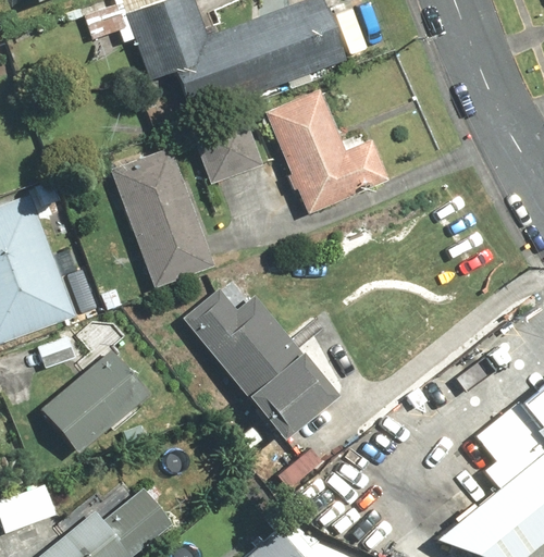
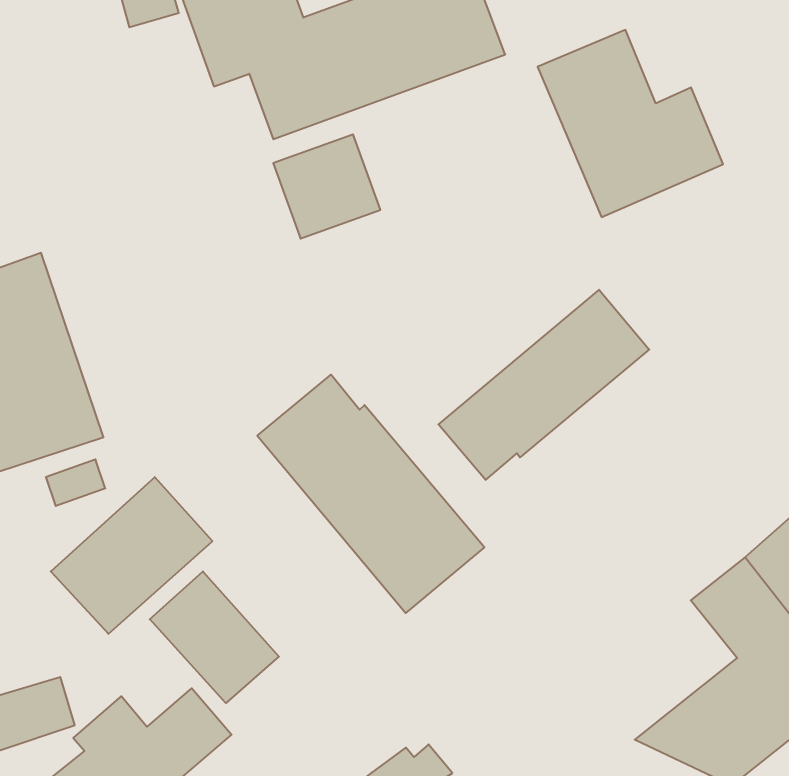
building: [264,89,391,216] -> [538,30,723,217]
building: [111,146,215,288] -> none
building: none -> [438,290,649,480]
building: none -> [150,571,279,703]

